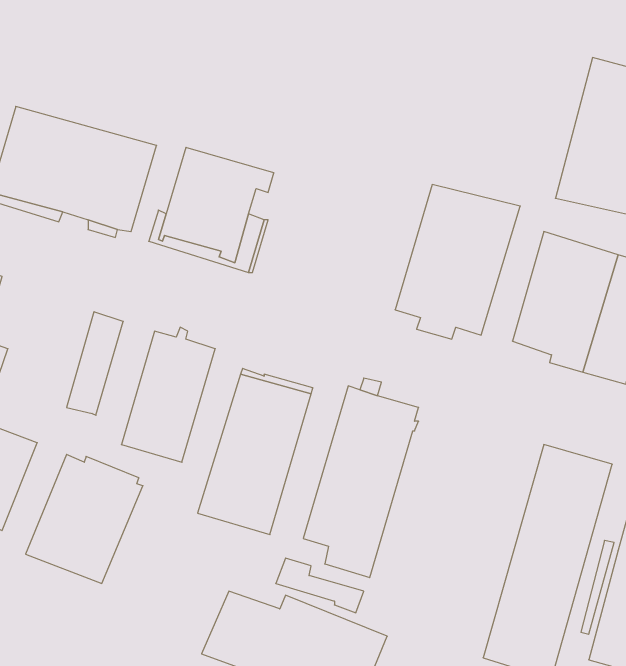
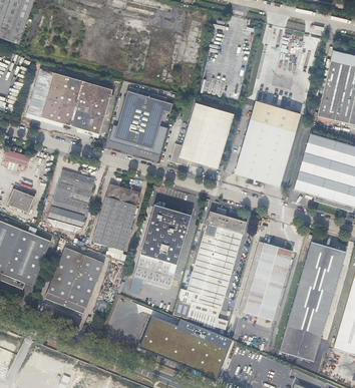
building: none -> [170,102,235,167]
building: none -> [52,168,80,223]
building: none -> [239,242,293,320]

